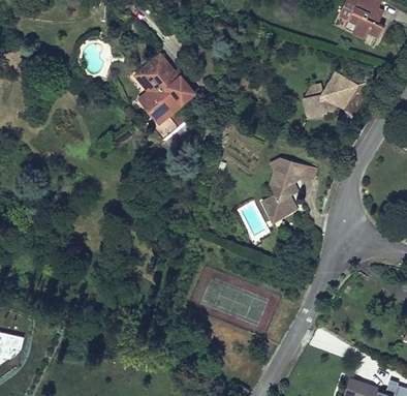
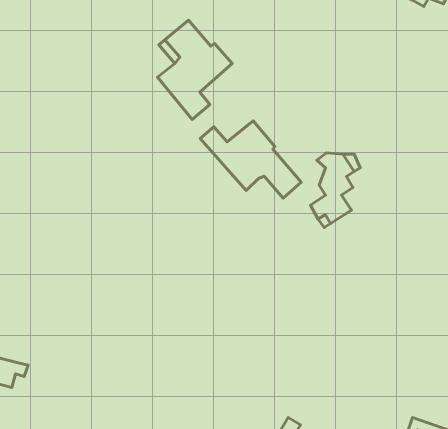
building: [305,77,357,121] -> none
building: none -> [200,121,301,198]

